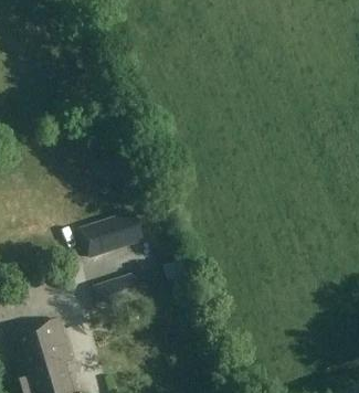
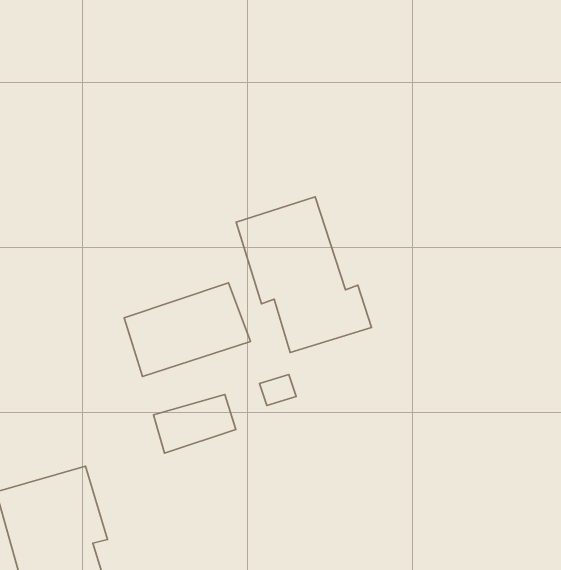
building: none -> [236,197,372,352]

